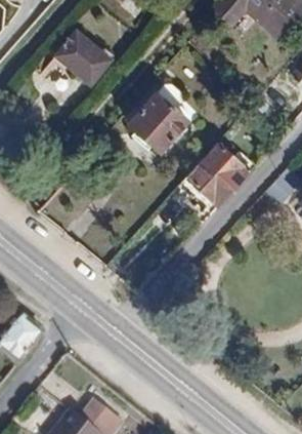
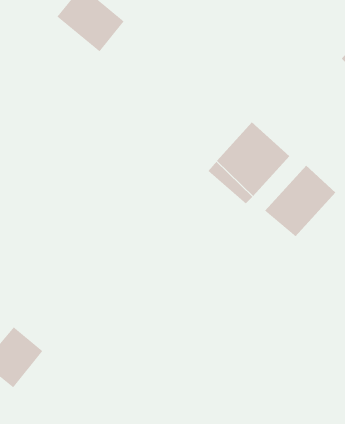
building: [129,78,188,151] -> none
building: none -> [264,165,336,237]

